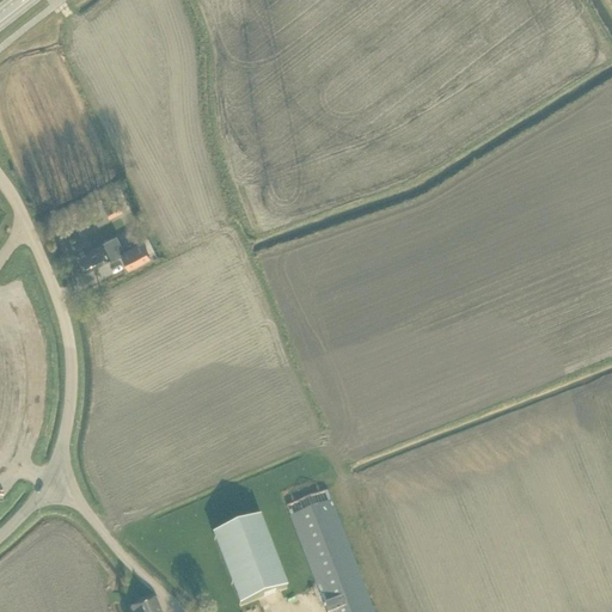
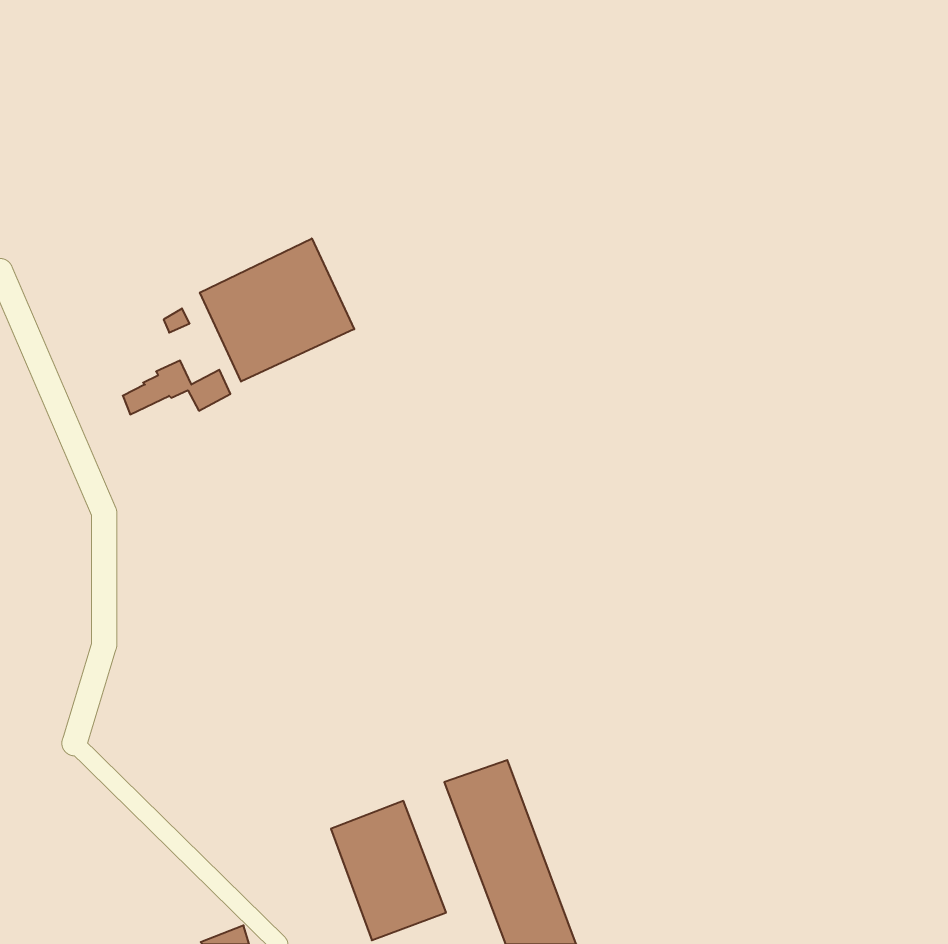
building: none -> [200,238,354,382]

